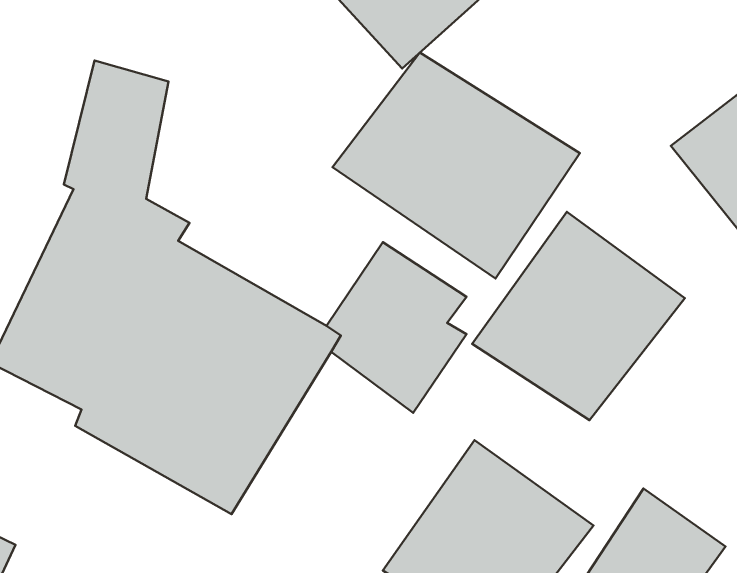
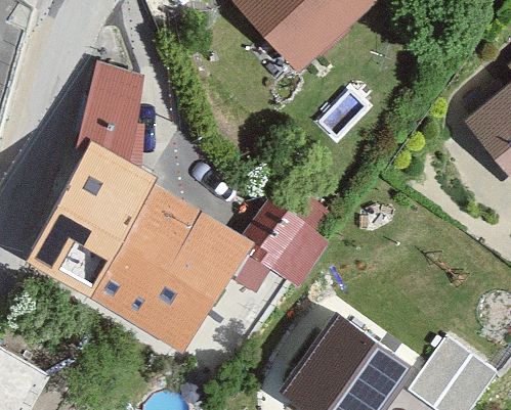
building: [332,52,580,279] -> none
building: [472,212,685,420] -> none

